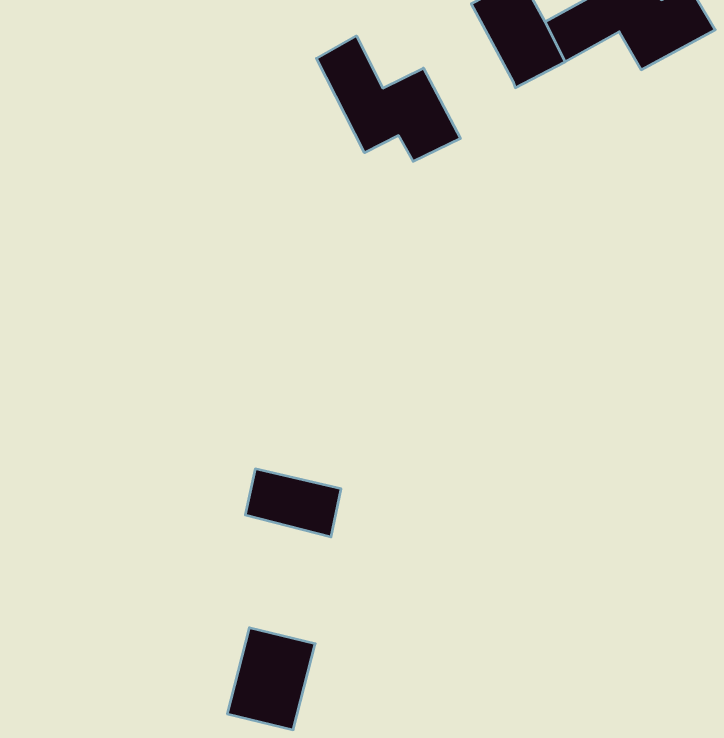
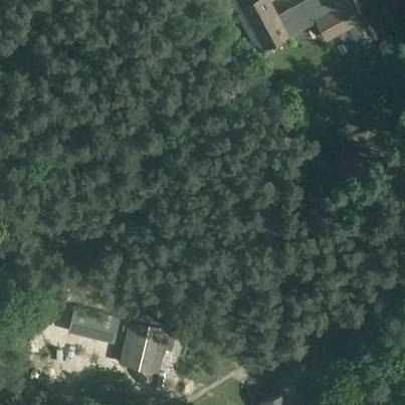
building: [316,36,460,161] -> none
building: [245,469,341,537] -> [69,309,118,343]

